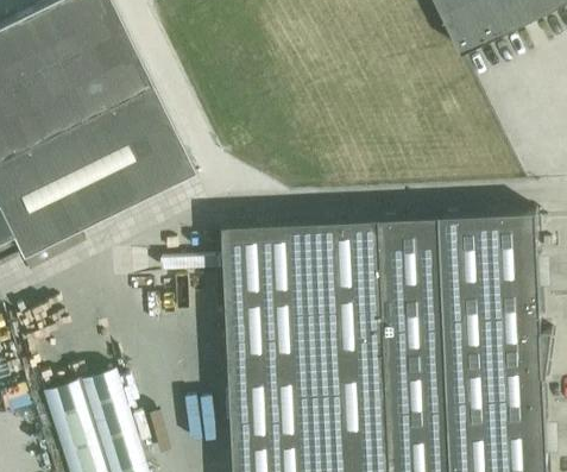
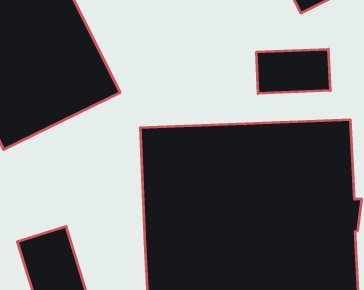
building: none -> [257,49,330,94]

